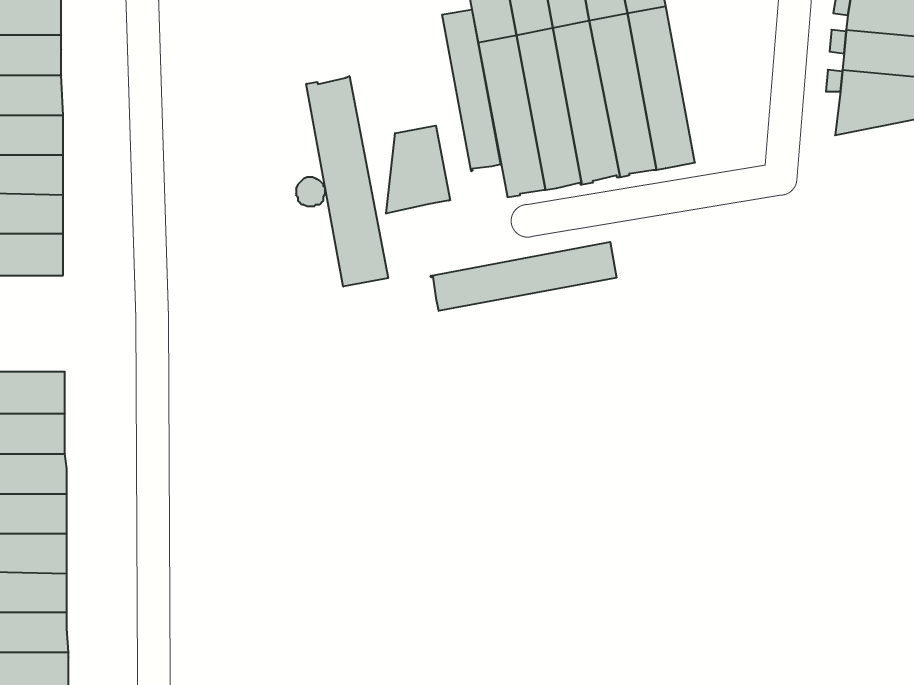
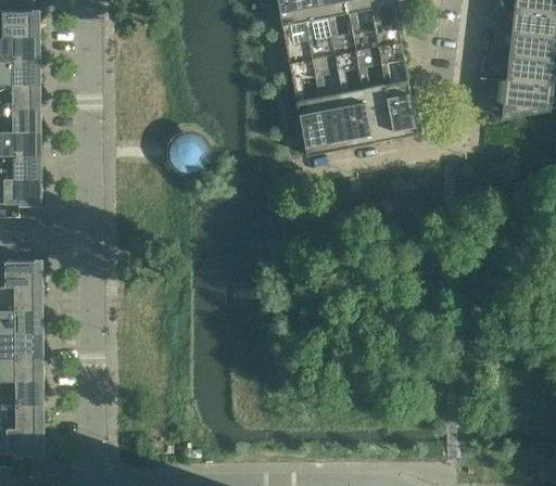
building: [442,10,500,171] -> none
building: [306,76,388,287] -> none
building: [386,126,450,214] -> none
building: [431,242,616,311] -> none

